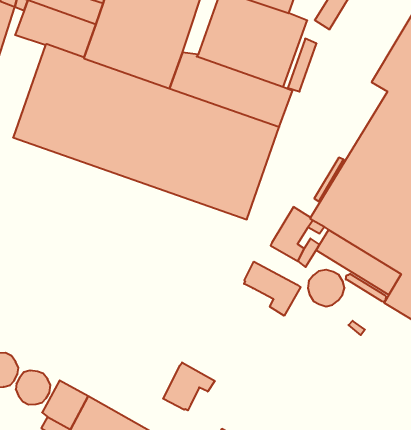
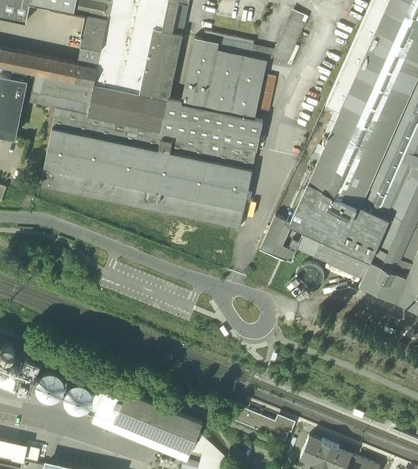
building: [244,262,301,316] -> none
building: [163,362,215,410] -> none

